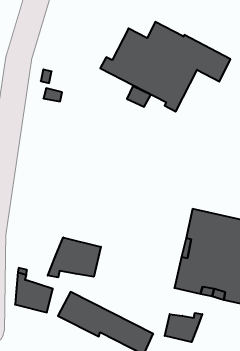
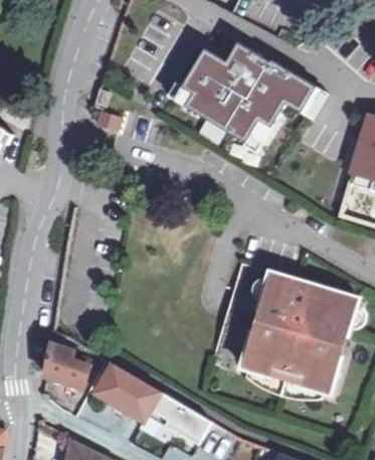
building: [48,237,101,277] -> none
building: [165,313,202,342] -> none

